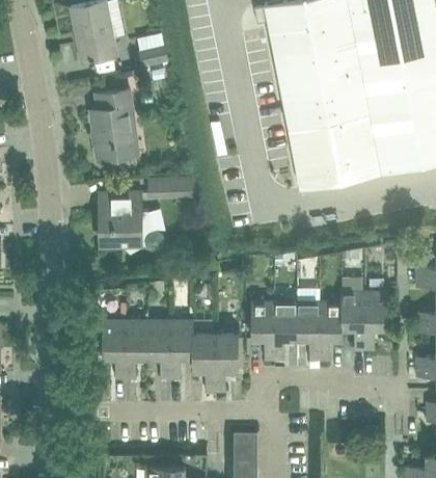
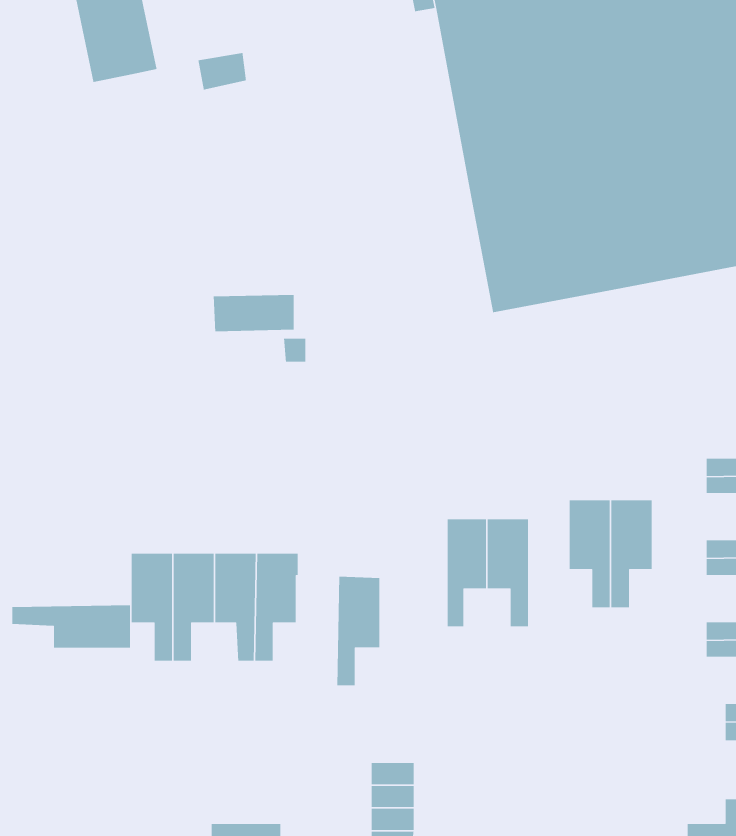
building: [90,90,135,162] -> none
building: [101,195,164,251] -> none
building: [251,302,275,362] -> none
building: [320,302,343,362] -> none
building: [192,334,216,394] -> none
building: none -> [11,605,131,648]

